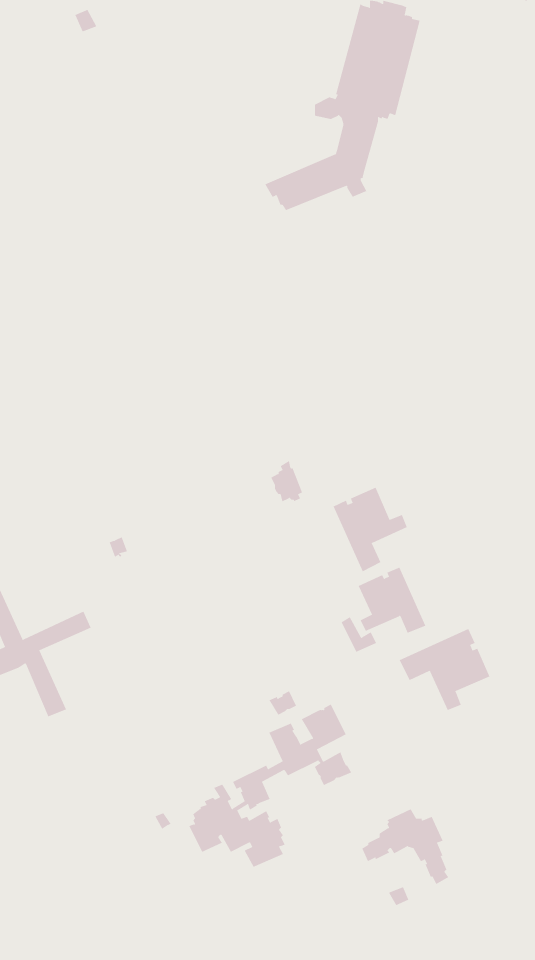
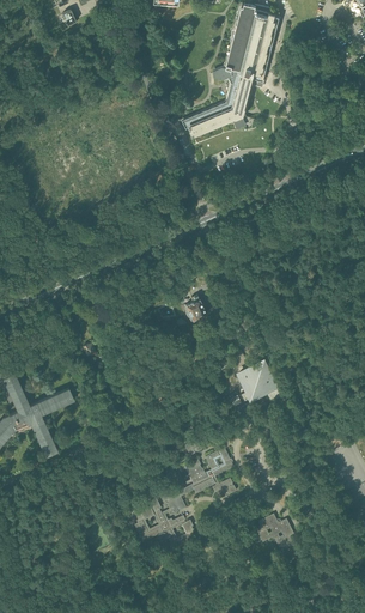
building: [333,487,407,572] -> none
building: [399,628,490,711] -> none

